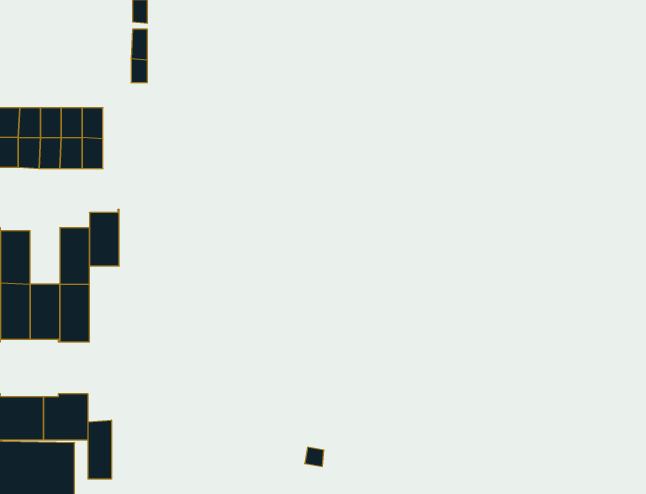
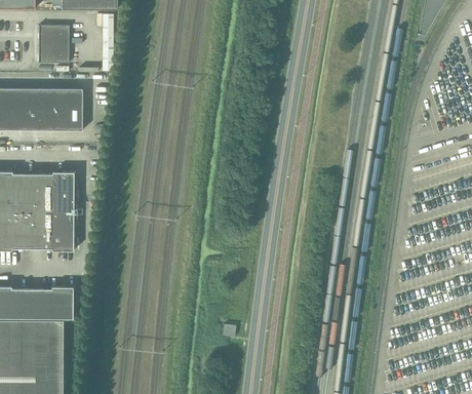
building: none -> [38,26,69,64]
building: [89,210,119,266] -> [32,172,52,211]
building: [88,420,111,479] -> none

